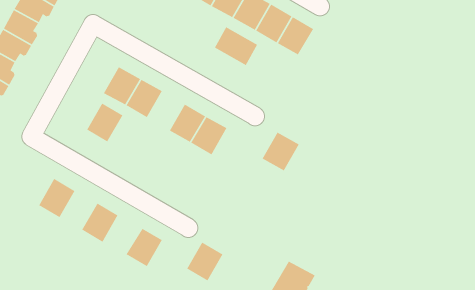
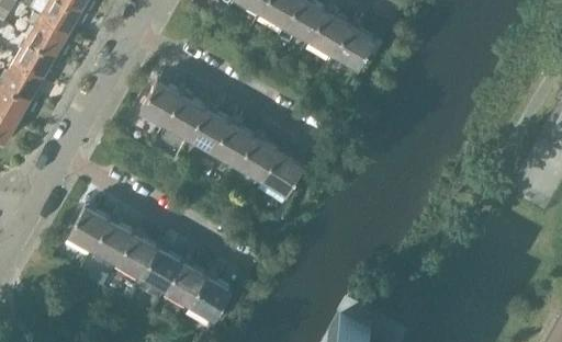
building: [214,26,258,66] -> none
building: [86,102,123,143] -> [188,109,229,153]
building: [262,131,300,172] -> [260,150,303,195]
building: none -> [90,220,132,264]
building: none -> [138,248,181,292]
building: [186,241,223,282] -> [188,275,229,320]

